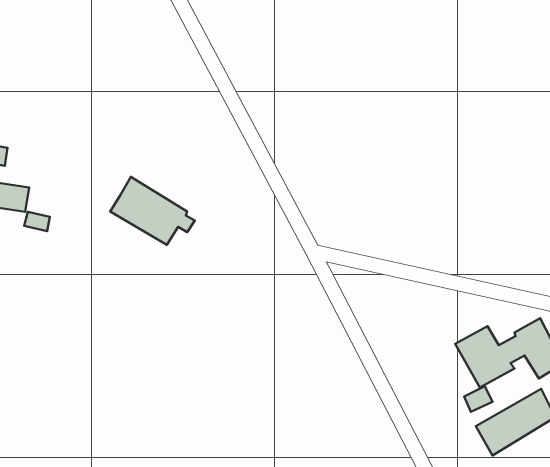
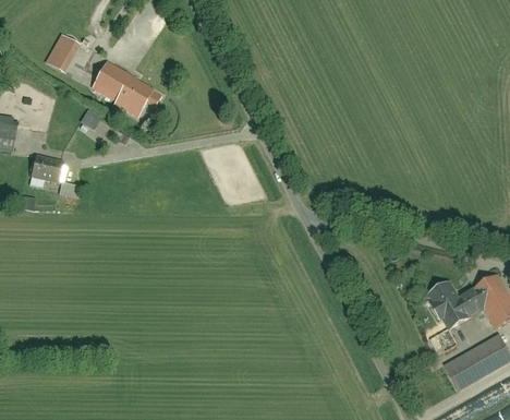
building: none -> [45,32,78,70]
building: [110,177,195,245] -> [90,60,162,118]

